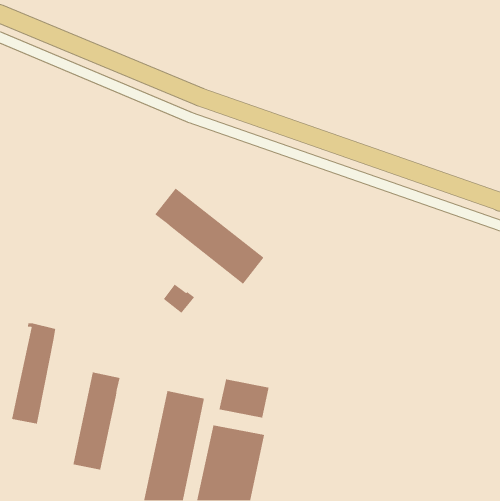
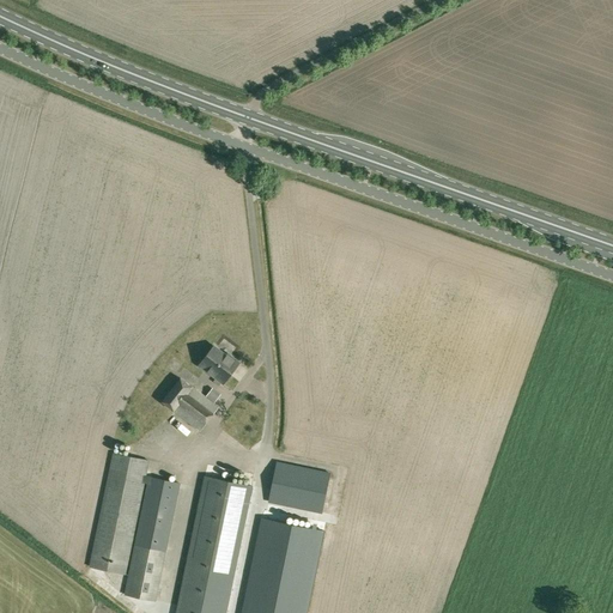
building: [154,187,265,285] -> none
building: none -> [160,378,217,431]
building: [11,323,56,425] -> [123,477,178,601]

